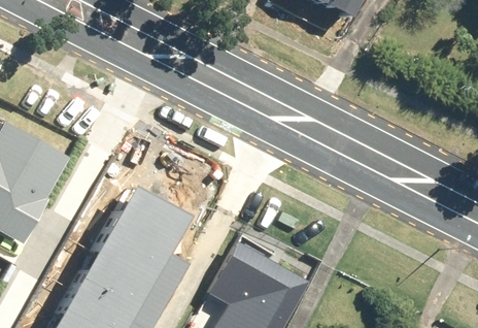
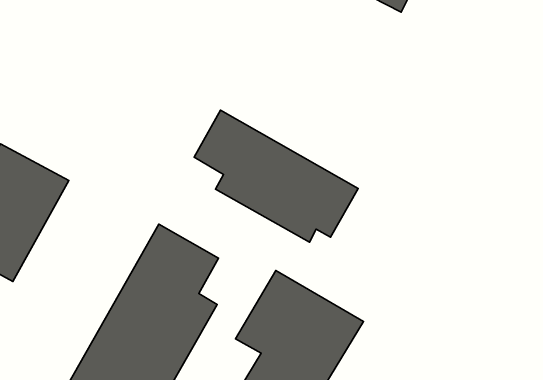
building: none -> [194,110,358,242]

